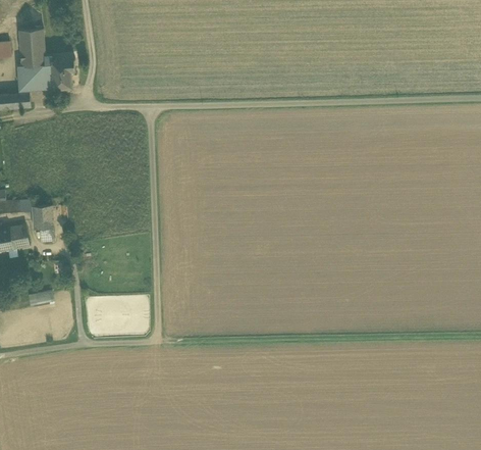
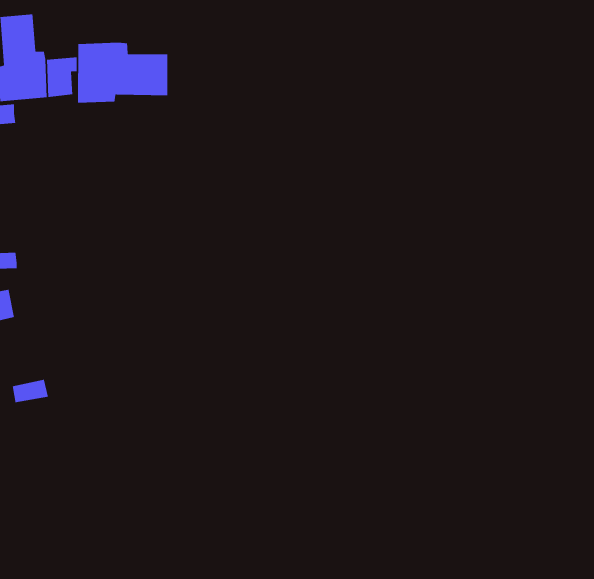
building: none -> [77,42,168,104]
building: [31,205,53,241] -> none

